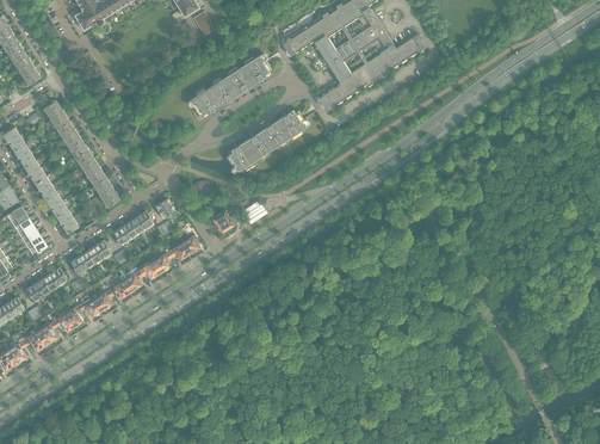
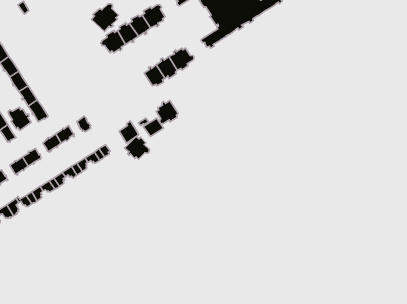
building: none -> [91,4,119,32]
building: [225,142,254,172] -> [156,101,178,124]
building: none -> [8,107,31,131]
building: none -> [124,136,149,159]

